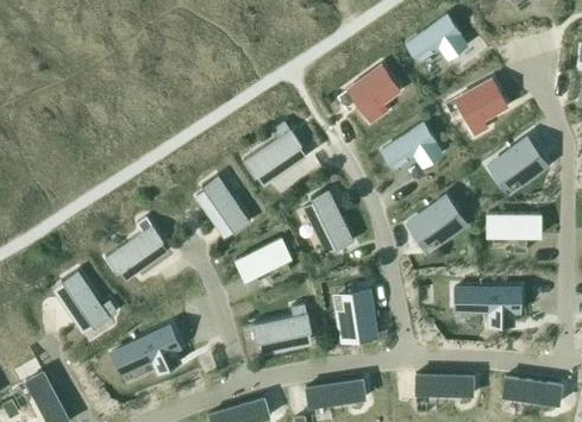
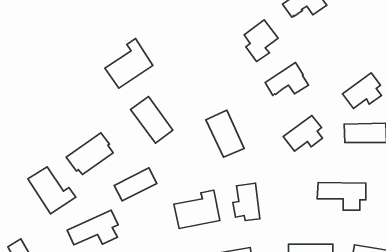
building: [459,82,505,138] -> none
building: [246,119,312,187] -> [105,39,153,88]
building: [237,234,295,279] -> [114,168,157,201]

